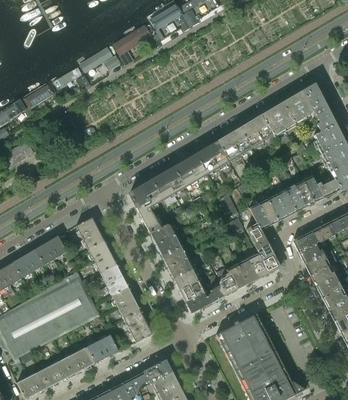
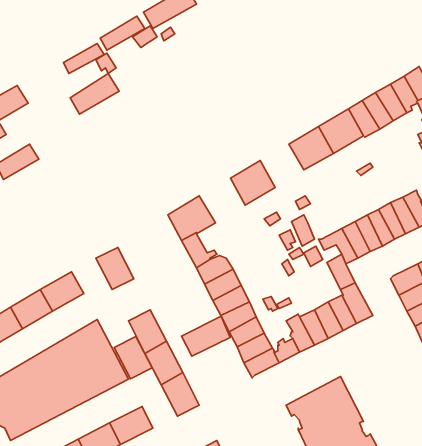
building: [20,81,56,111] -> [70,73,119,114]
building: [197,142,229,174] -> none
building: [152,167,186,200] -> none
building: [88,241,116,272] -> [114,337,152,379]
building: none -> [182,316,230,356]

